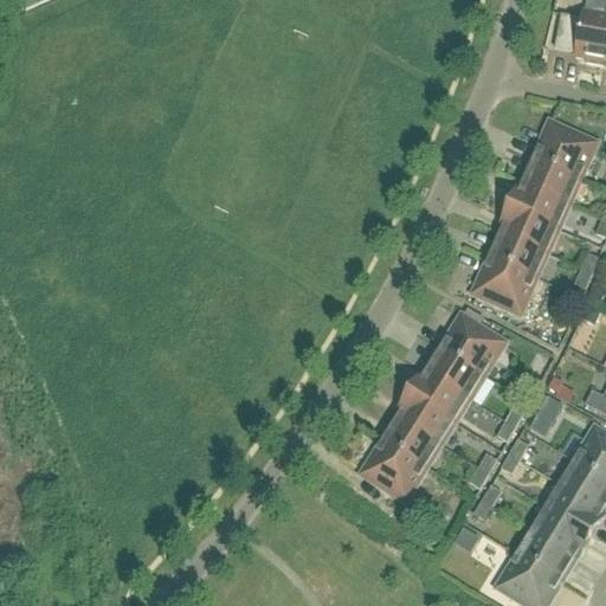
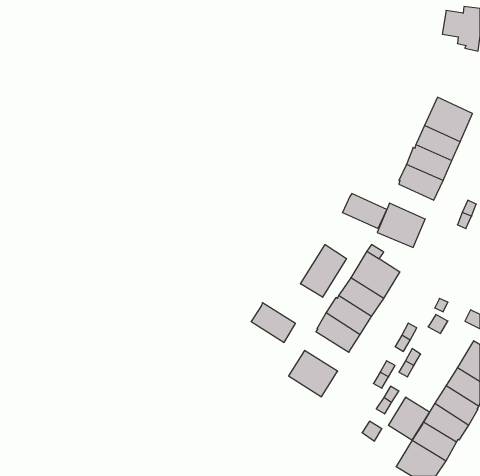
building: [489,231,544,275] -> [342,194,387,228]
building: none -> [300,245,346,297]
building: [382,415,438,465] -> [251,303,295,342]
building: none -> [389,397,429,440]

